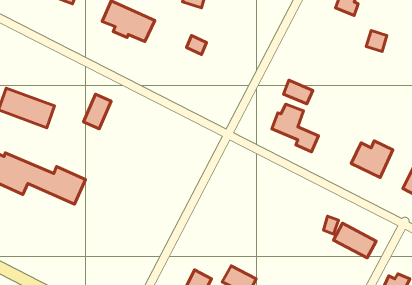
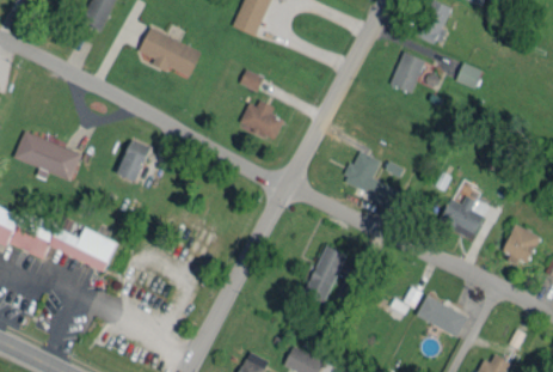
building: none -> [391,51,425,92]
building: none -> [239,99,283,139]
building: [284,80,313,104] -> none
building: none -> [303,244,346,304]

